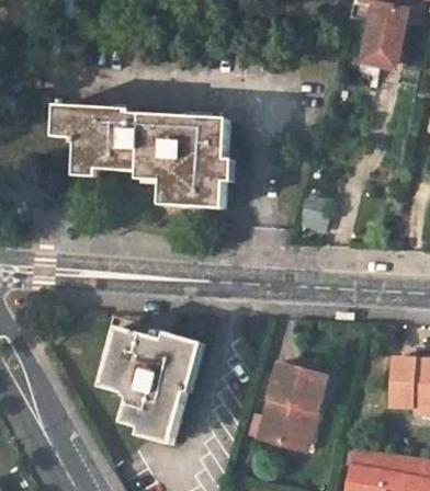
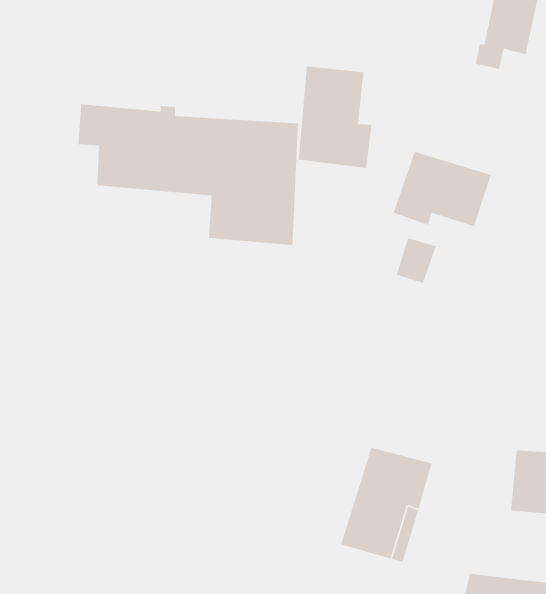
building: none -> [298,65,372,169]
building: none -> [392,151,492,227]
building: [100,322,194,435] -> none

